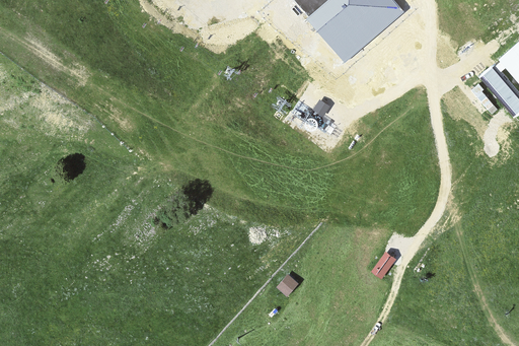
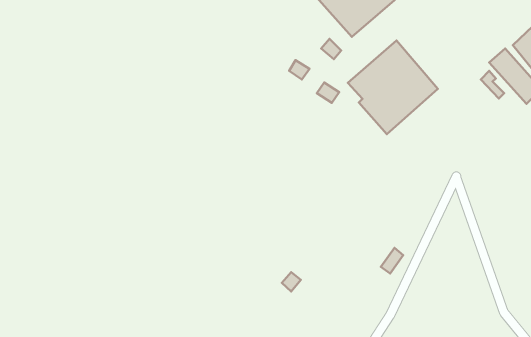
building: none -> [348,40,438,134]

